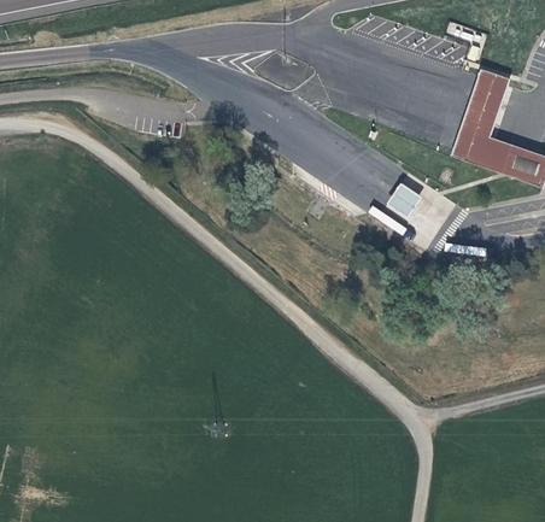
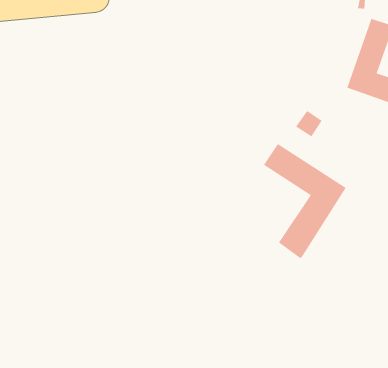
building: none -> [263,143,347,259]

